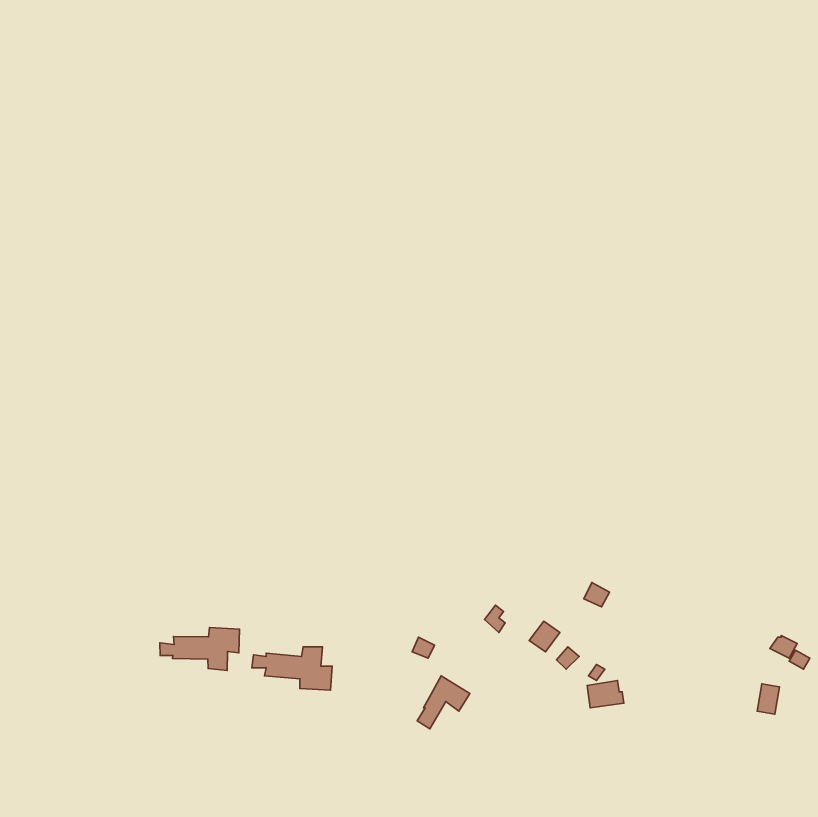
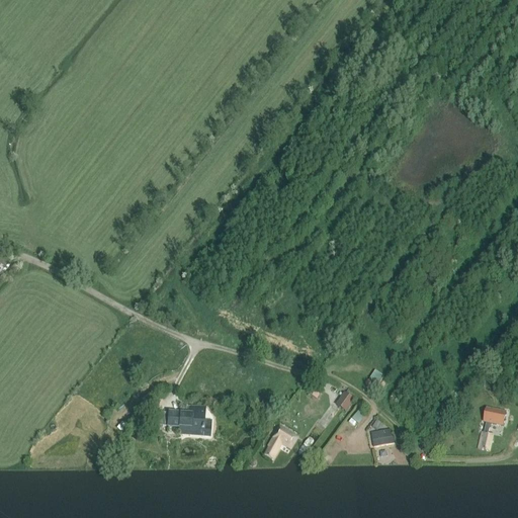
building: [160,627,240,671] -> none

